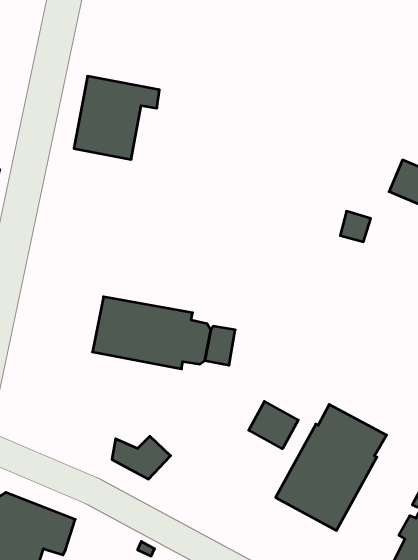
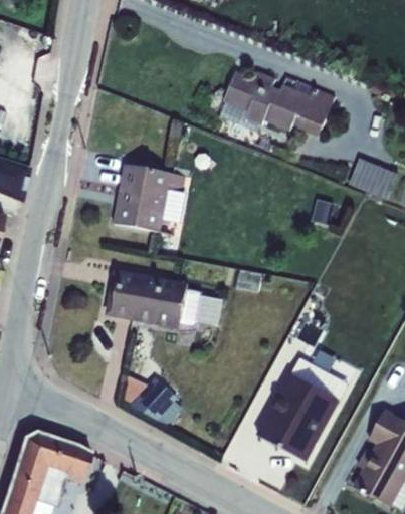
building: none -> [220,72,335,137]
building: [74,76,159,159] -> [114,165,184,233]
building: [249,401,298,449] -> none

